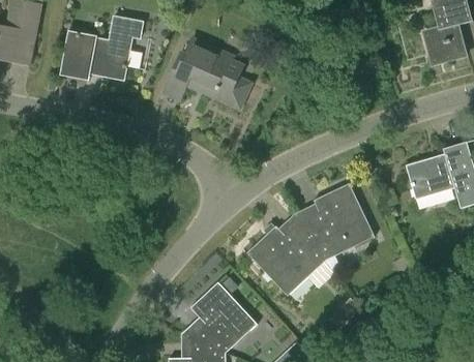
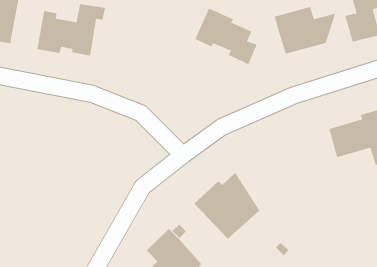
building: none -> [274,6,336,54]
building: [175,39,249,107] -> [194,8,258,65]
building: [296,183,374,261] -> none

